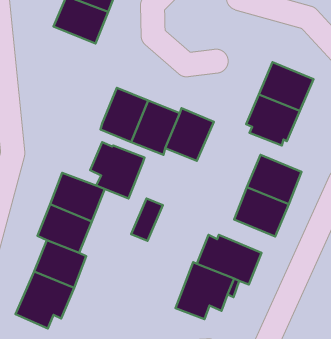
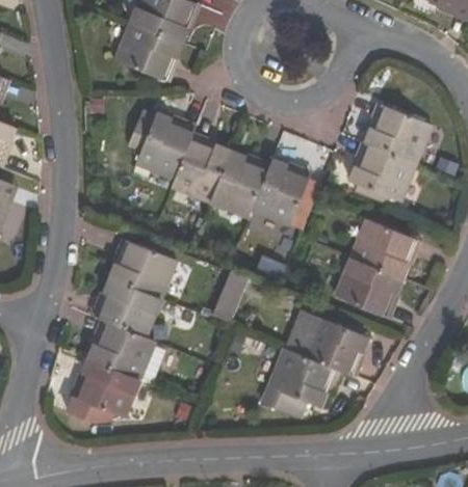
building: [90,142,145,198] -> [127,110,193,179]

